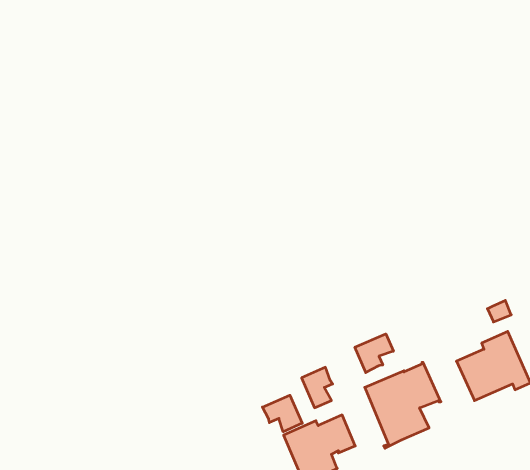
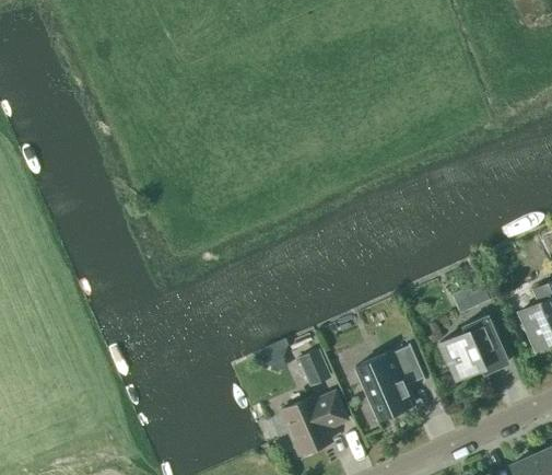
building: [355,334,393,373] -> none
building: [262,395,302,432] -> none

